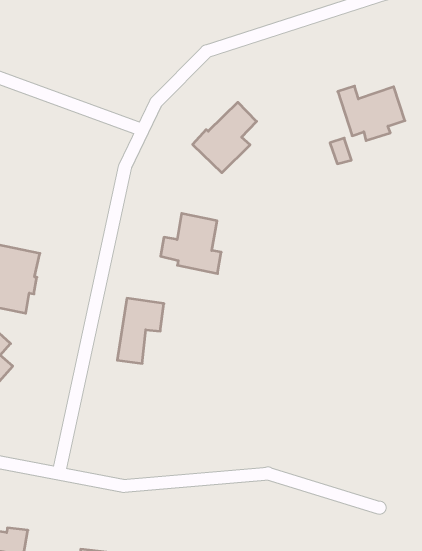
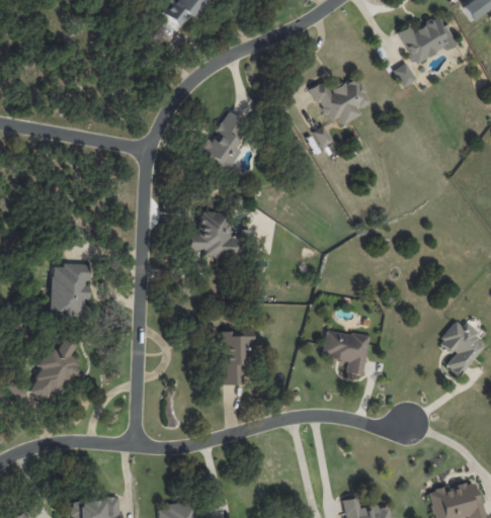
building: [117,298,164,363] -> [222,331,254,384]
building: none -> [322,330,369,375]

